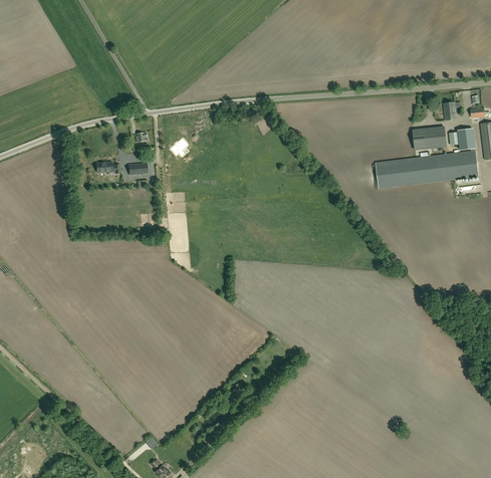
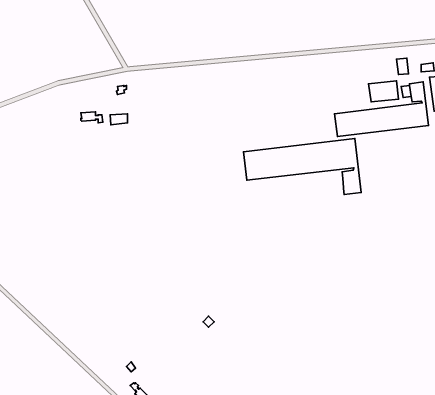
building: none -> [244,139,361,194]

